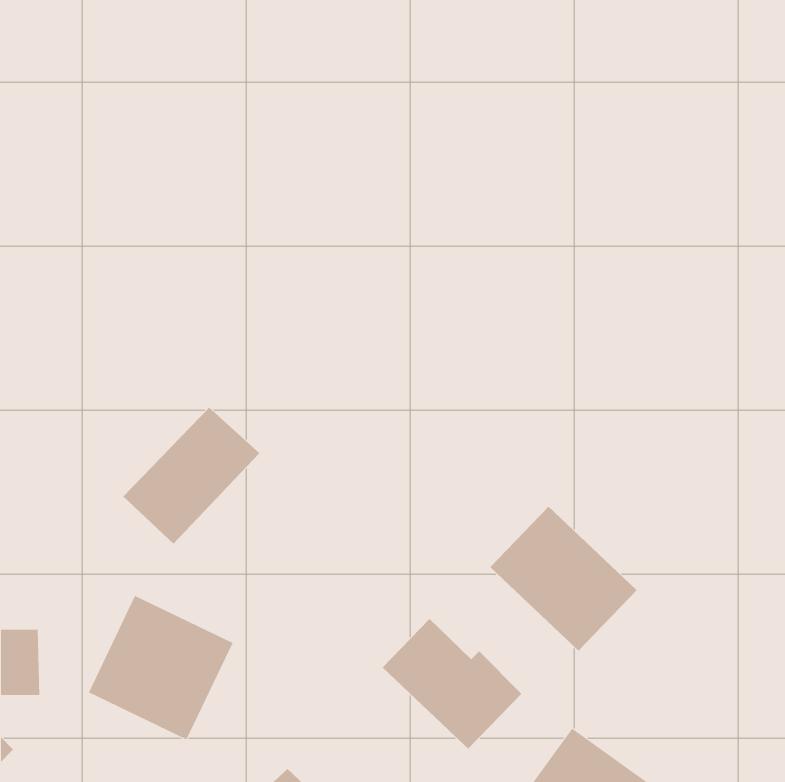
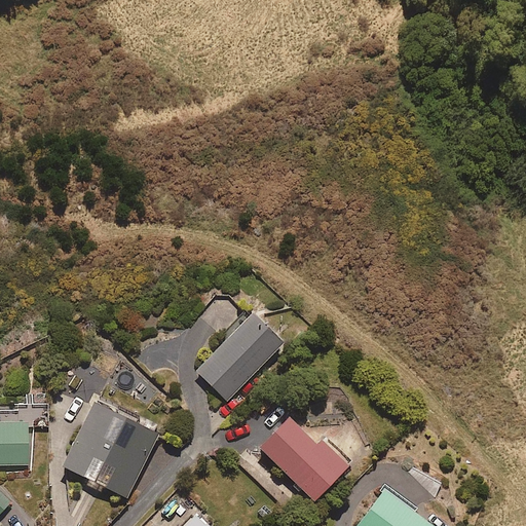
building: [122,407,260,544] -> [194,312,286,404]
building: [489,506,638,651] -> none

